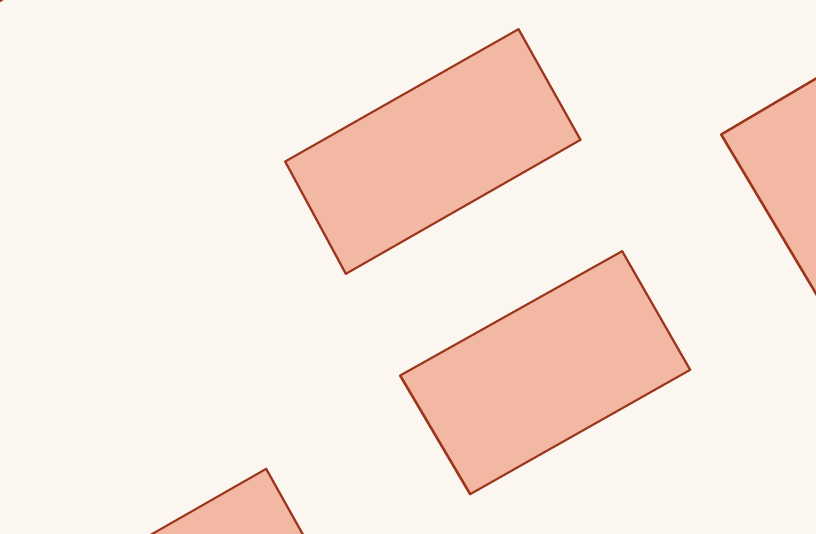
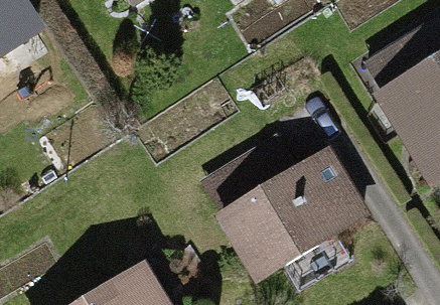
building: [285,29,580,274] -> none

